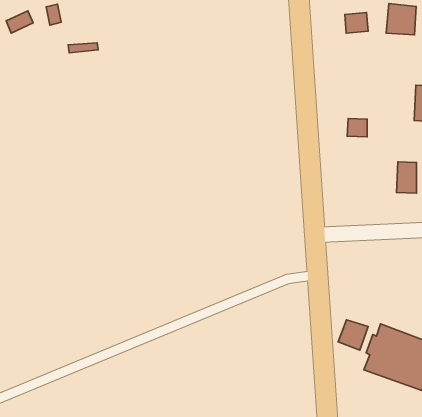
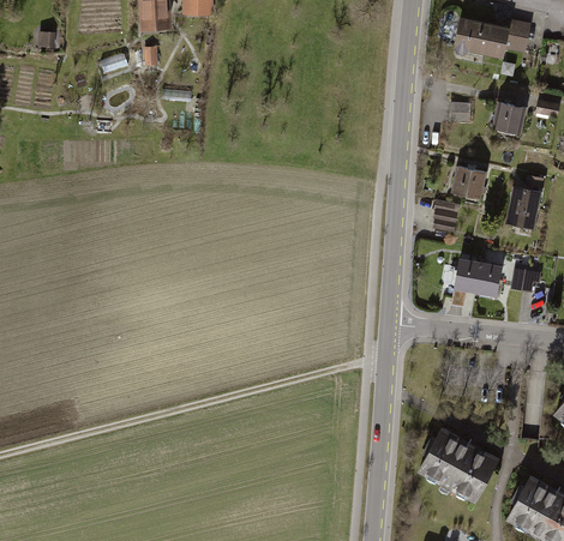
building: none -> [450,164,486,197]
building: none -> [455,257,482,291]
building: [338,320,368,350] -> none

